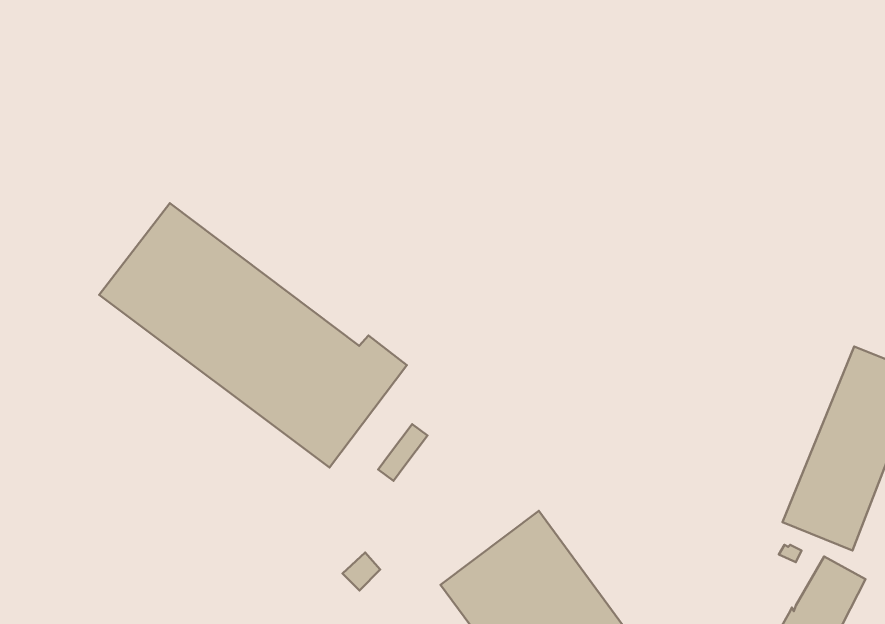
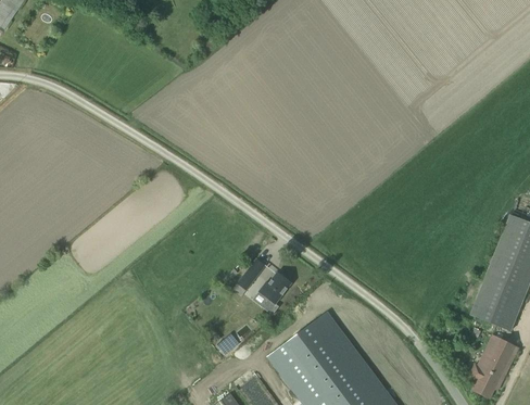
building: [99,203,407,468] -> none
building: none -> [258,273,291,315]

